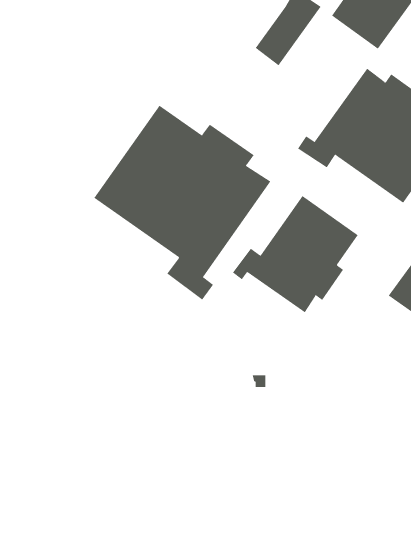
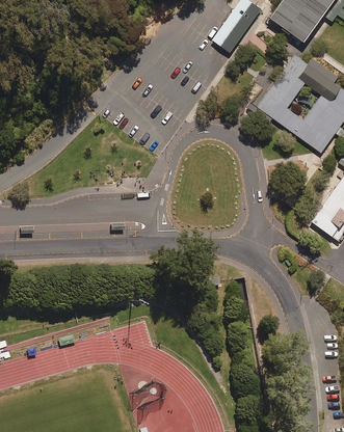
building: [93,105,271,300] -> none
building: [232,195,359,313] -> none

